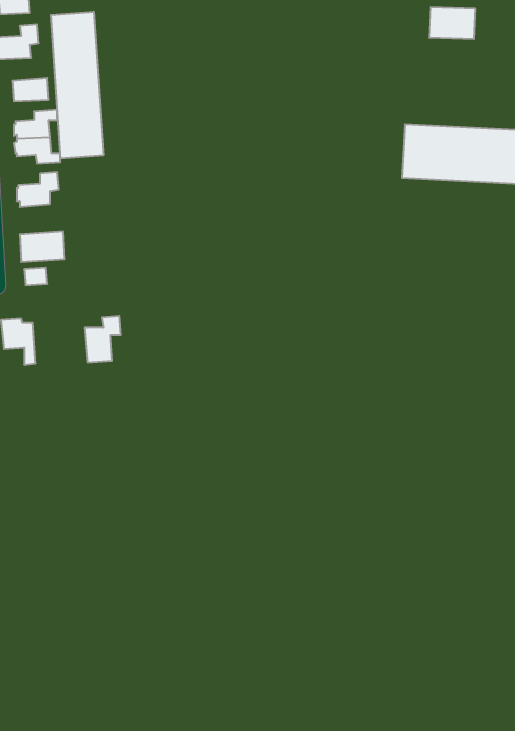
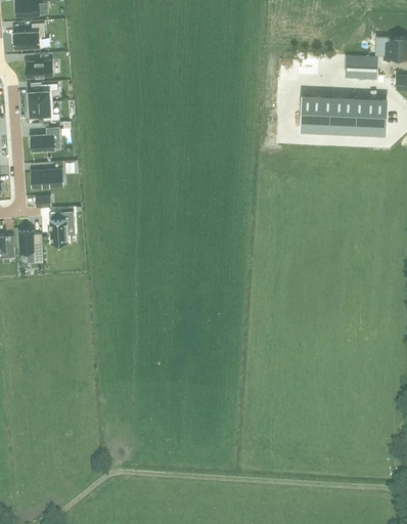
building: [429,7,475,39] -> [344,57,376,80]
building: [51,12,103,159] -> none
building: [85,316,121,362] -> [48,212,74,245]

